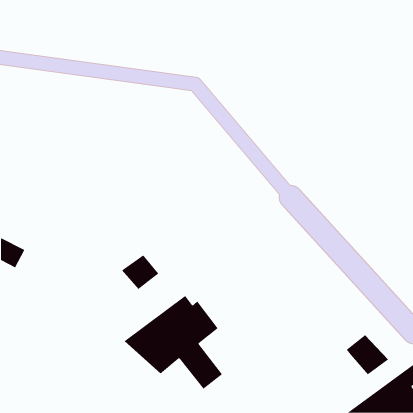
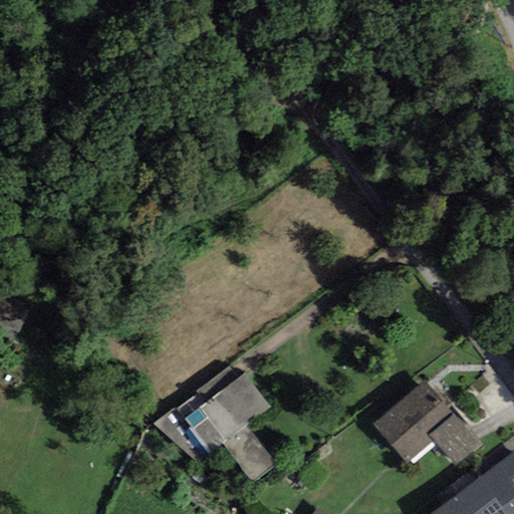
building: [121,255,159,290] -> none
building: none -> [373,381,454,464]

